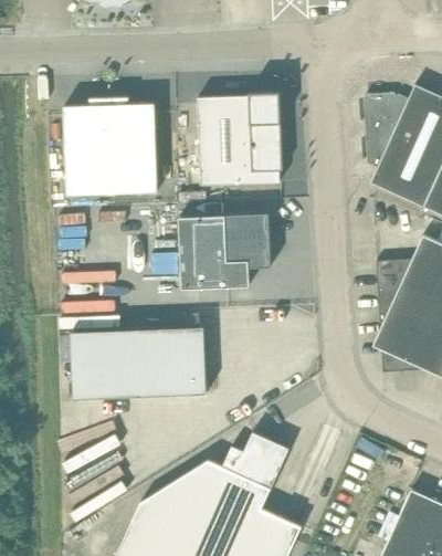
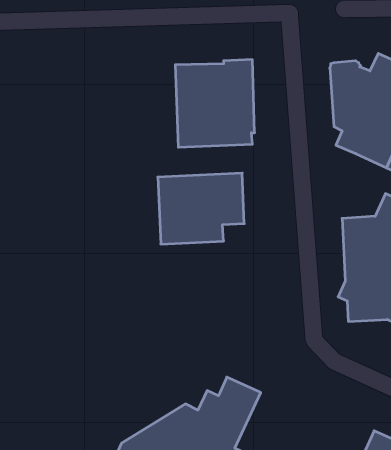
building: [64,97,158,196] -> none
building: [71,327,208,400] -> none

